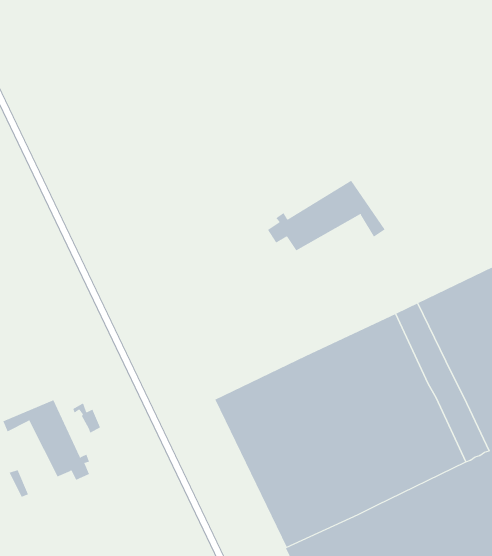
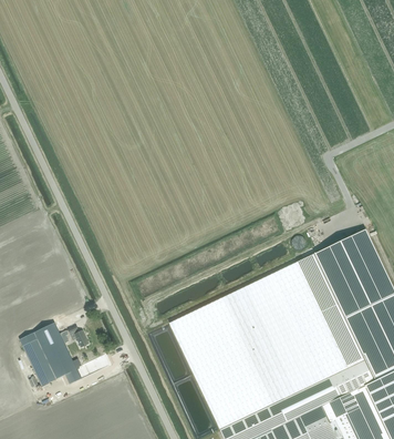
building: [267,180,385,251] -> none
building: none -> [21,338,56,386]

